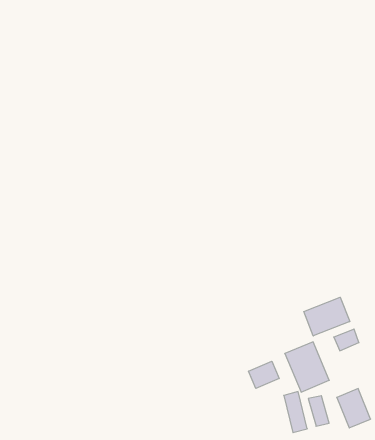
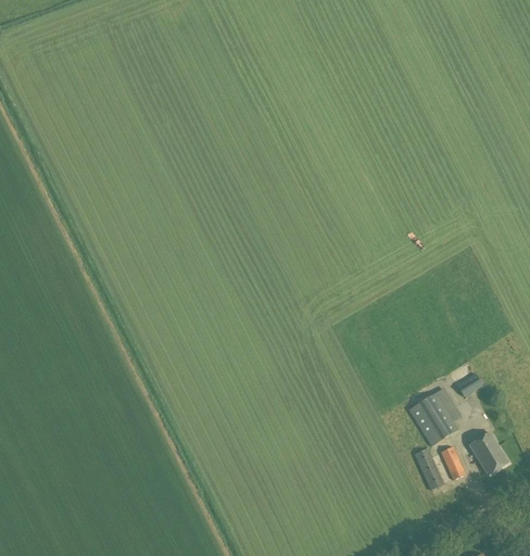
building: [304,297,350,336] -> none
building: [249,361,279,388] -> none

